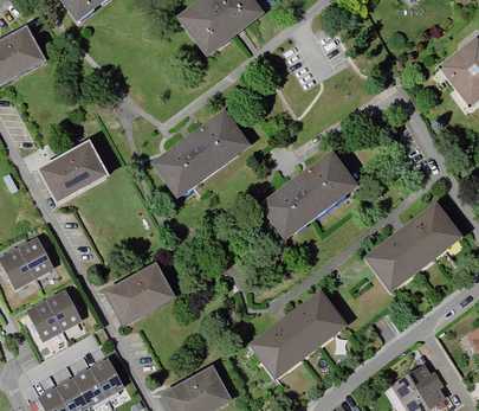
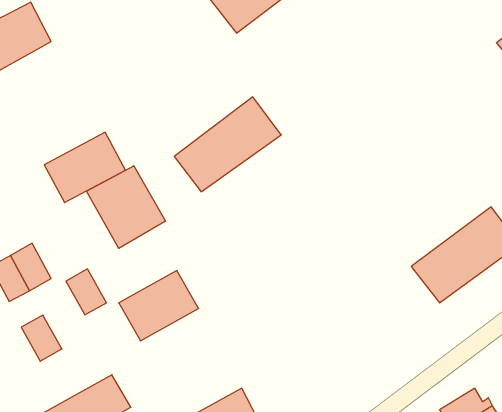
building: [267,152,361,235] -> none
building: none -> [87,166,165,248]
building: [44,290,79,330] -> [66,269,107,315]
building: [250,294,344,378] -> none

